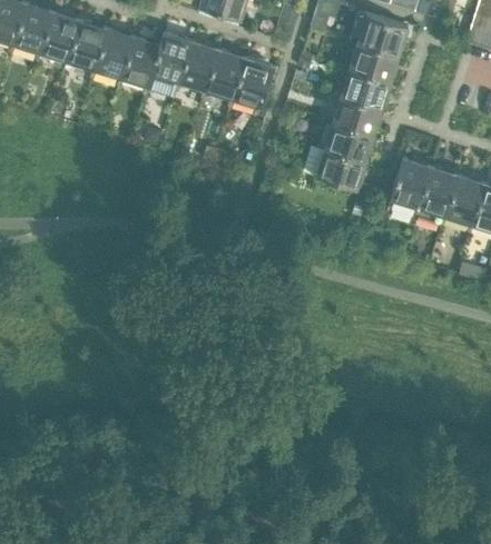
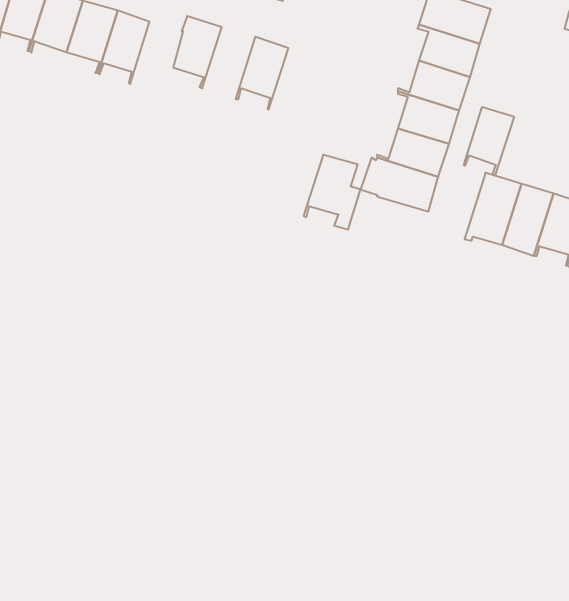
building: [117,37,159,95] -> none
building: [175,41,217,99] -> none
building: [228,58,274,118] -> [304,155,360,230]
building: none -> [464,107,514,176]

